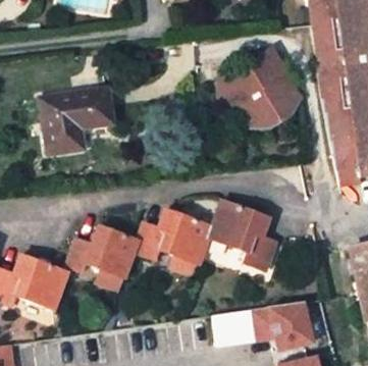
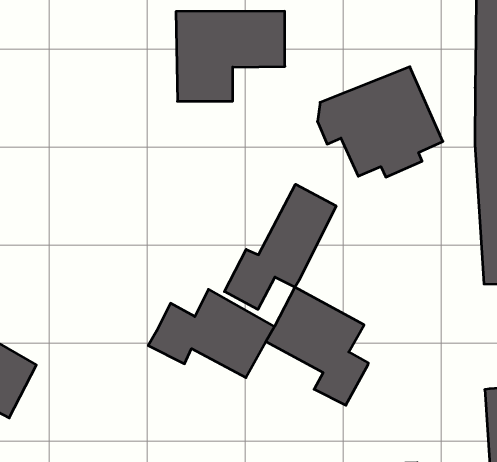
building: [41,88,114,154] -> [176,11,285,101]
building: none -> [224,184,336,309]
building: [68,226,139,275] -> none

